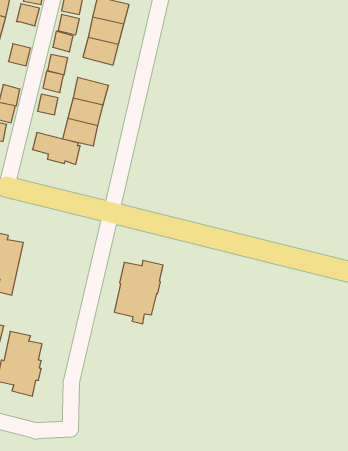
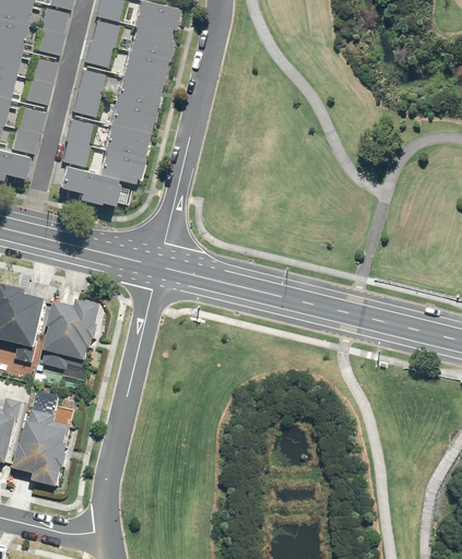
building: none -> [38,28,63,53]
building: none -> [116,72,159,107]
building: none -> [25,78,52,104]
building: none -> [62,140,88,165]
building: [114,261,163,324] -> [45,301,105,379]

